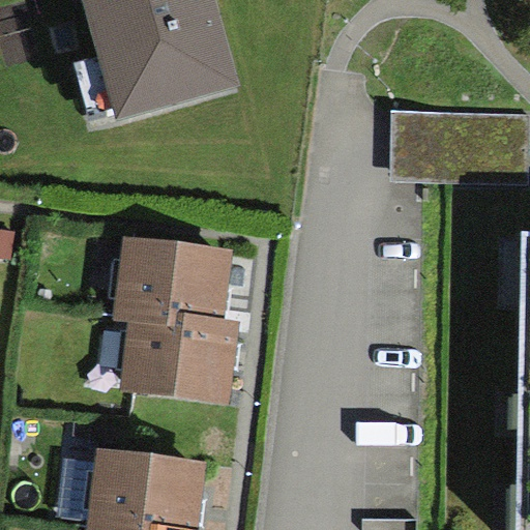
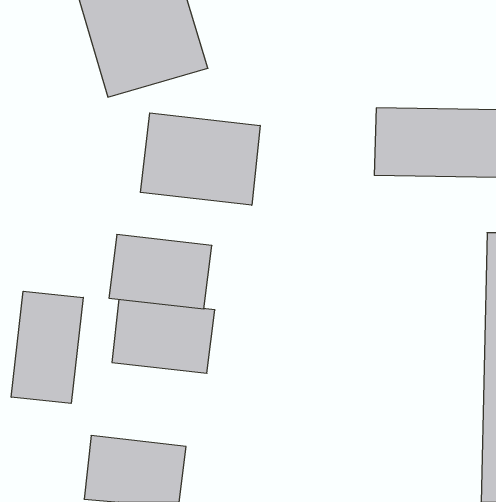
building: none -> [140,113,260,205]
building: none -> [11,291,83,403]

